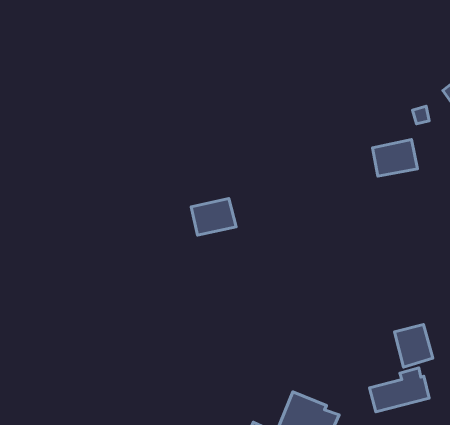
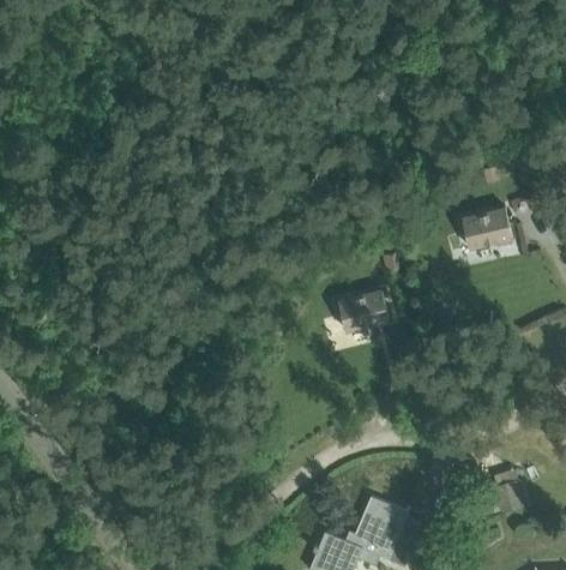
building: [191,199,236,235] -> [339,289,391,331]
building: [395,324,433,367] -> none

